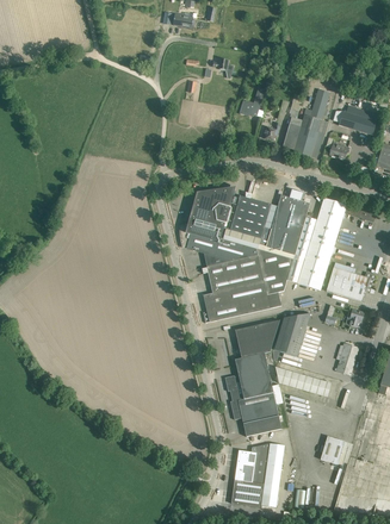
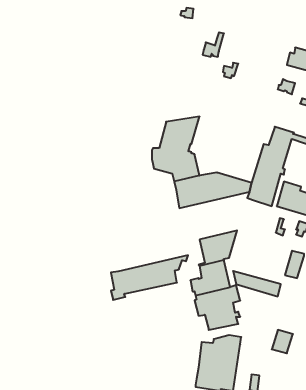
building: [283,88,330,158] -> none
building: [230,194,311,263] -> none
building: [204,274,295,326] -> [111,255,188,300]
building: [274,313,311,356] -> none

